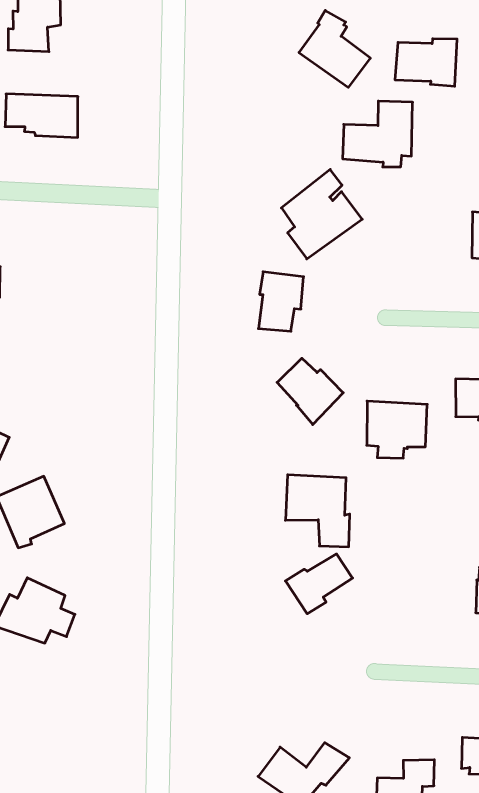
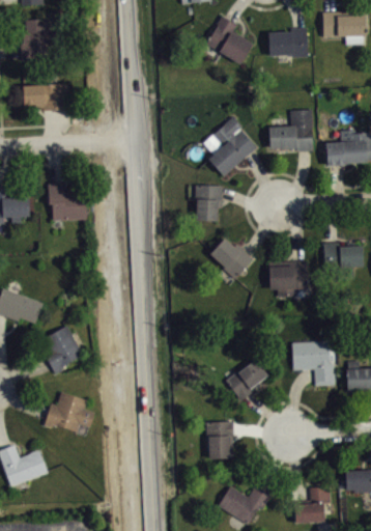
building: [343,101,413,167] -> [269,110,314,152]
building: none -> [48,184,86,220]
building: [285,475,350,547] -> [292,341,335,386]
building: none -> [206,422,233,458]

